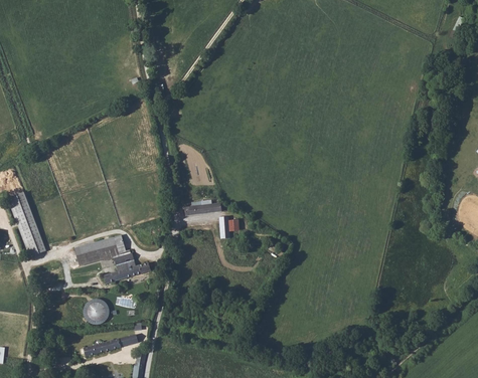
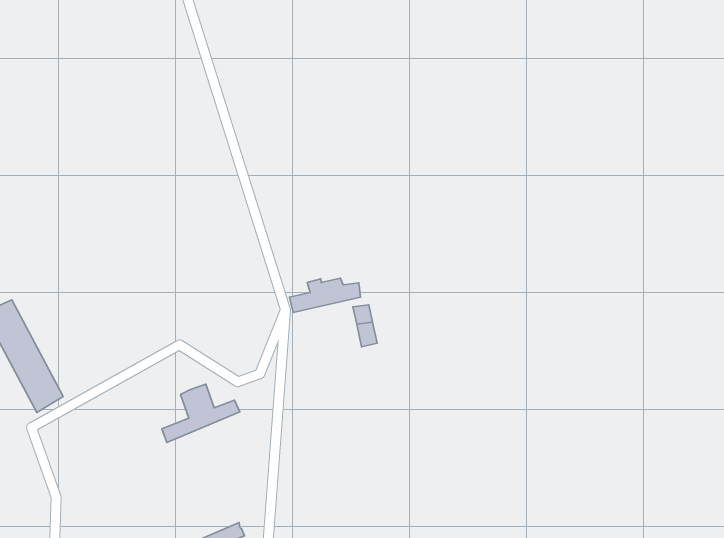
building: [74,236,122,262] -> none
building: [84,296,111,322] -> none

